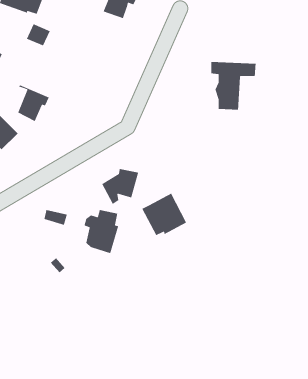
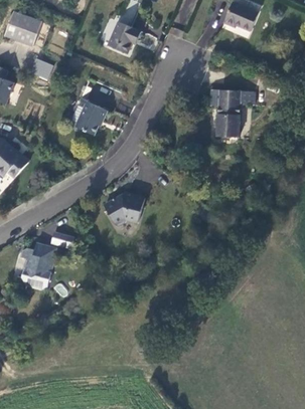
building: [17,84,50,122] -> [77,97,108,134]
building: [141,192,187,236] -> none
building: [83,209,119,254] -> [19,246,53,289]

